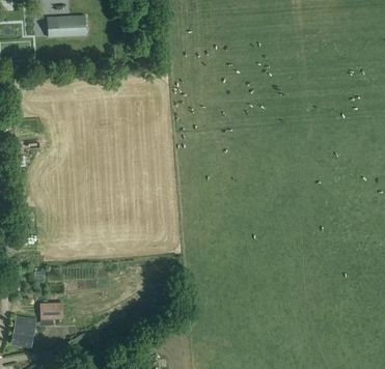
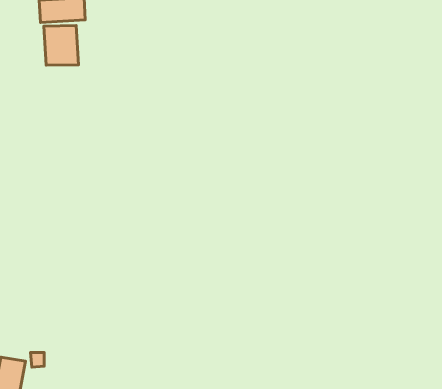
building: none -> [44,26,79,65]

